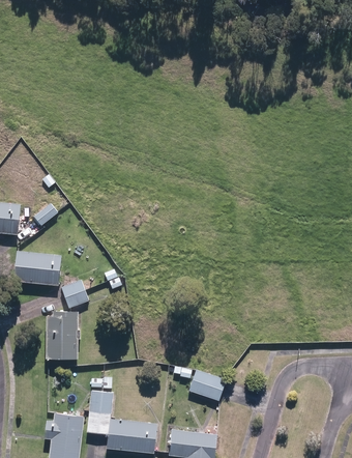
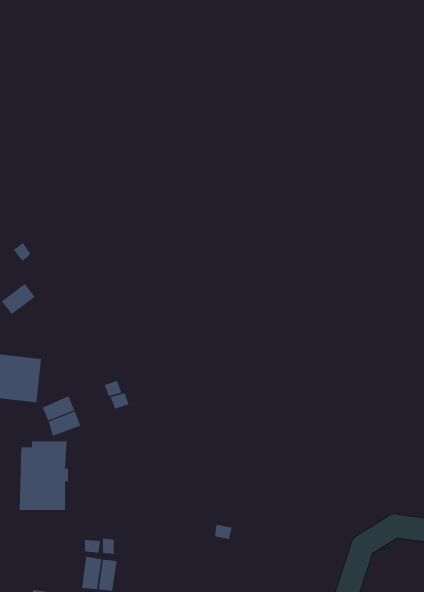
building: [187,371,225,401] -> none

